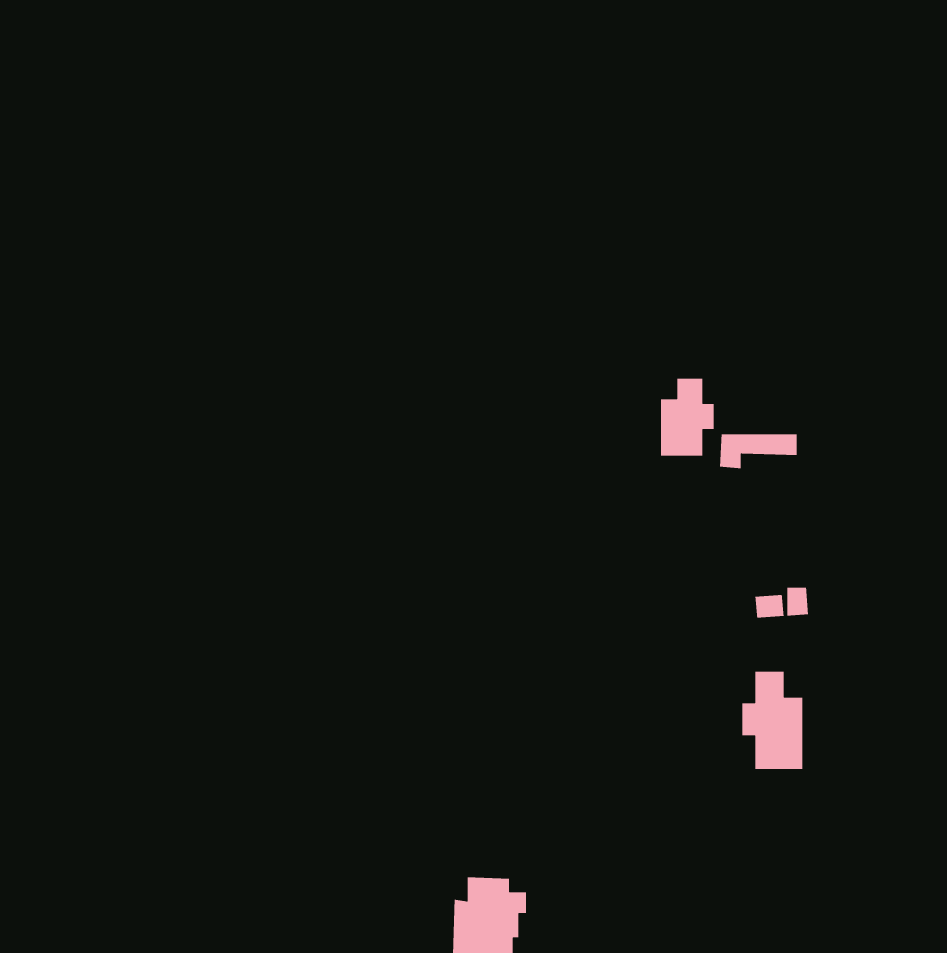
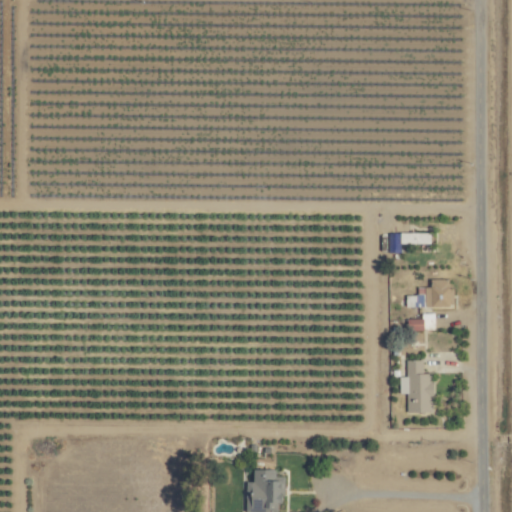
building: [660,378,715,457] -> none
building: none -> [409,279,456,308]

